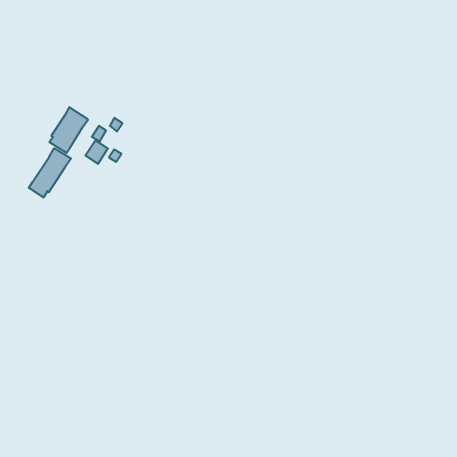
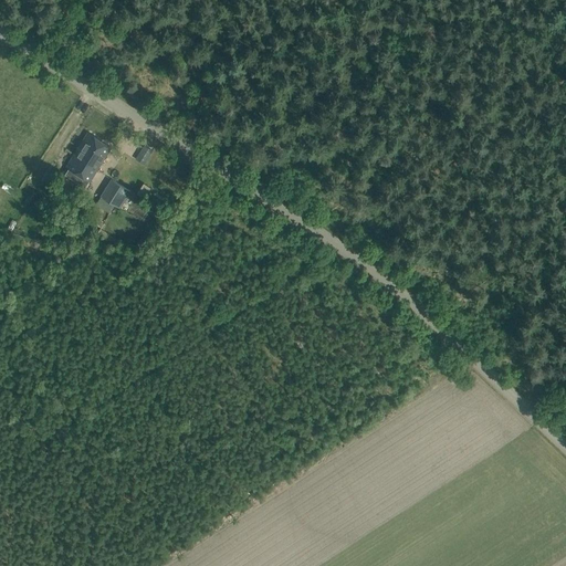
building: [29,148,71,198] -> none

